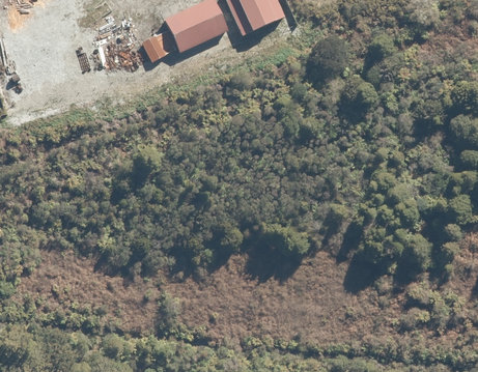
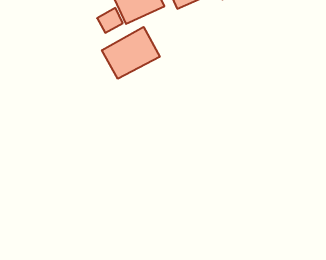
building: none -> [102,27,160,79]

